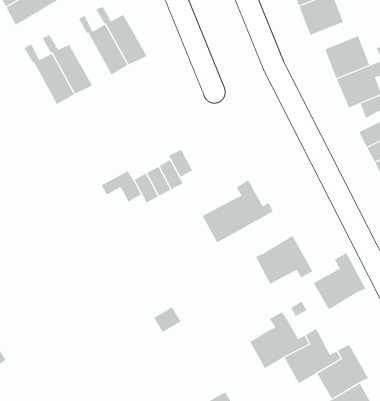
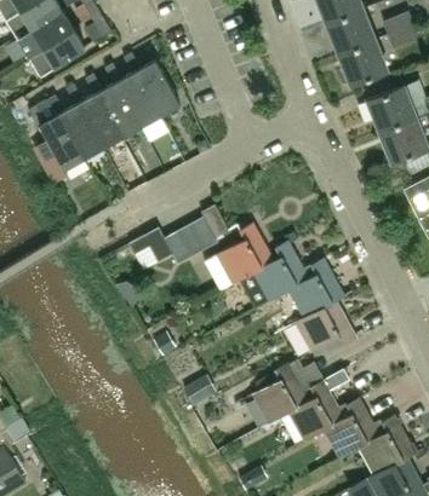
building: none -> [85,74,139,139]
building: none -> [28,99,81,169]
building: none -> [204,224,270,289]
building: [313,252,366,310] -> [285,256,342,318]
building: none -> [252,365,305,422]

